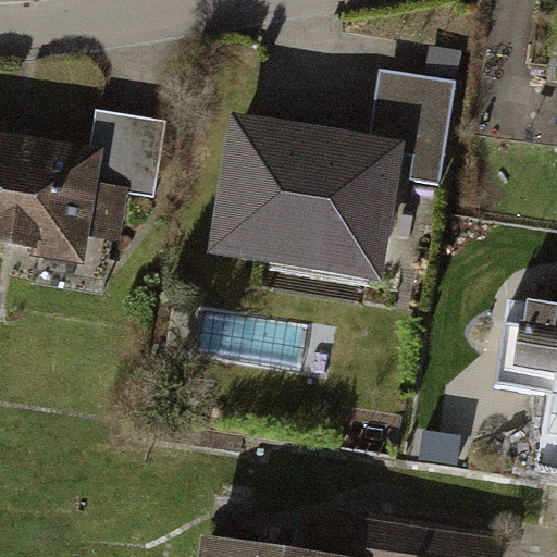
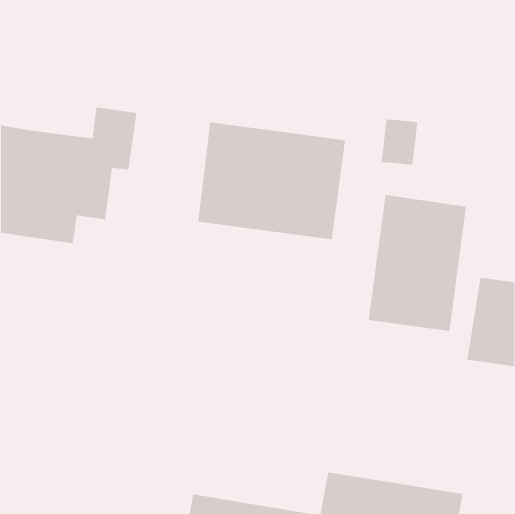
building: [380,67,465,132] -> none
building: none -> [368,194,467,332]

